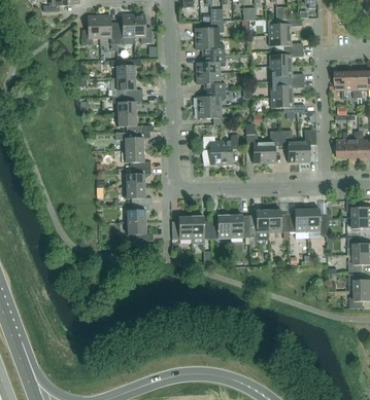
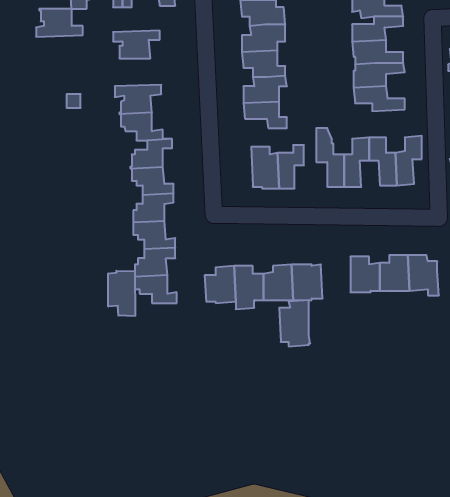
building: [111,77,142,96] -> [36,9,83,37]
building: [248,209,269,240] -> [279,300,310,346]
building: none -> [108,271,135,316]

